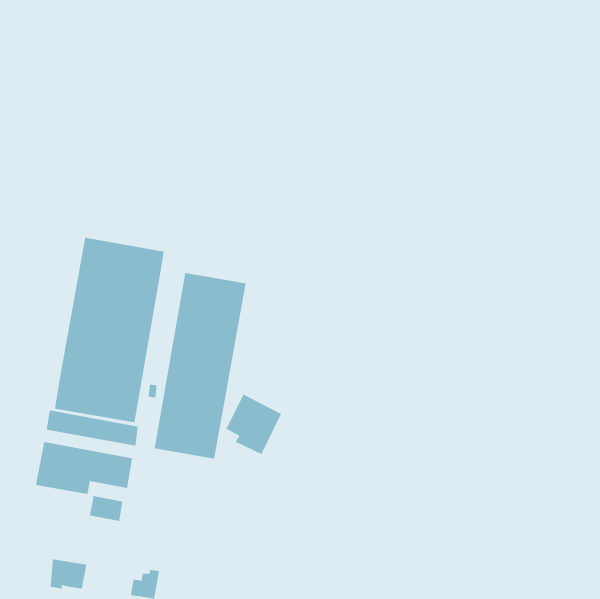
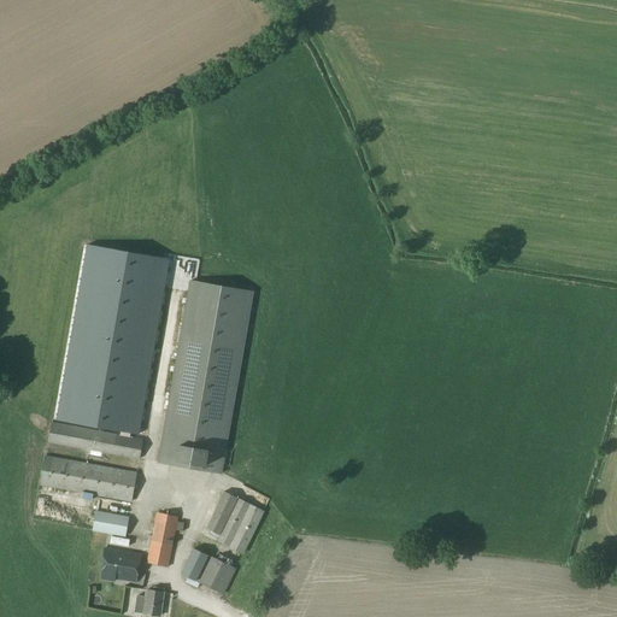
building: [225,394,282,455] -> [206,489,264,552]
building: none -> [146,511,178,565]
building: none -> [180,546,236,593]
building: [50,559,87,589] -> [101,548,140,580]

